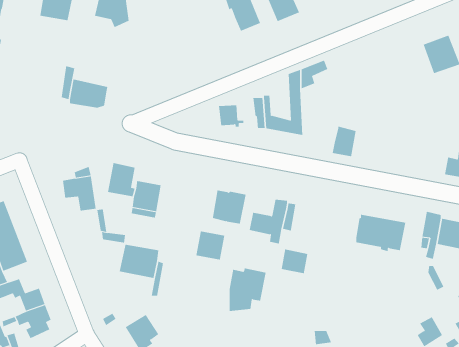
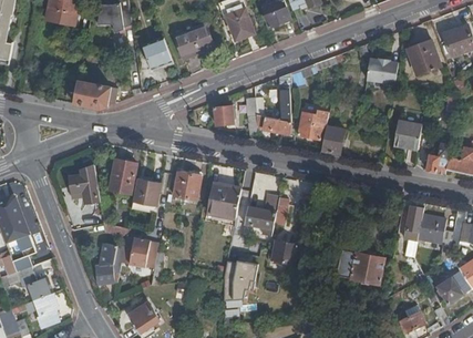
building: none -> [173,22,213,58]
building: none -> [143,39,172,69]
building: none -> [366,55,398,83]
building: none -> [296,111,329,140]
building: none -> [392,120,422,151]
building: [355,214,406,252] -> [338,249,385,285]
building: [196,231,225,260] -> [173,172,200,199]
building: none -> [94,242,124,283]

